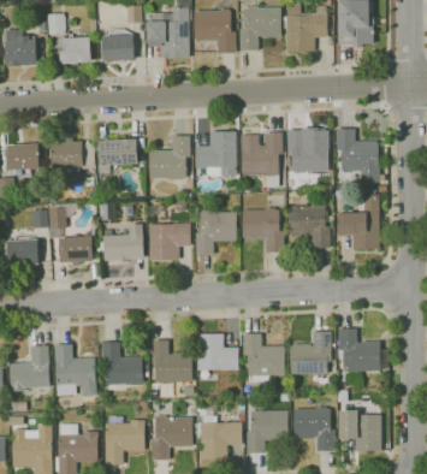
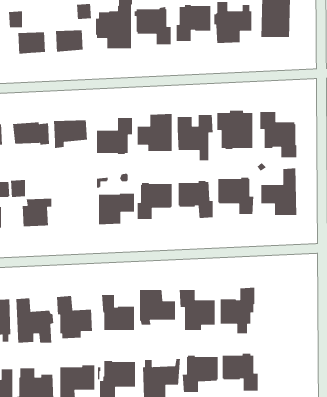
building: [100,226,146,260] -> none
building: [336,328,387,389] -> none
building: [339,408,381,451] -> none

